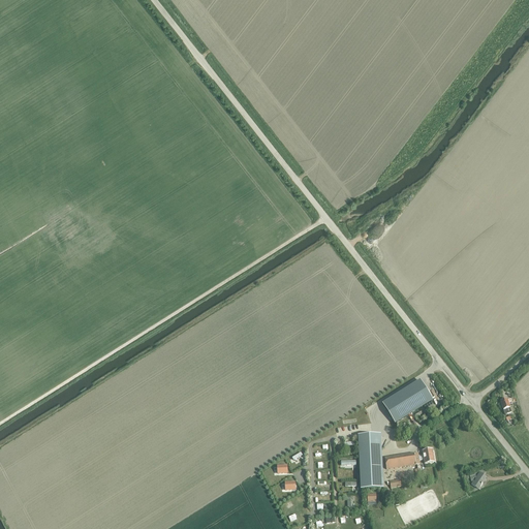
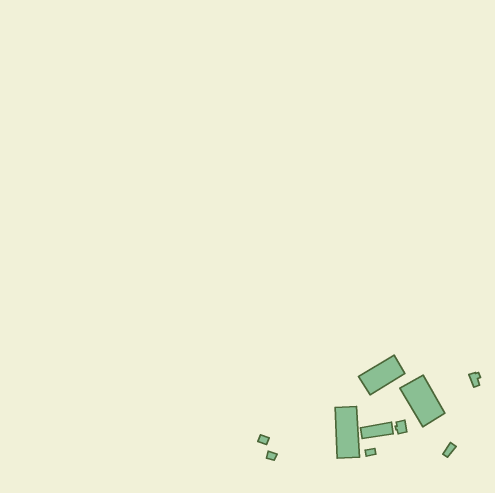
building: none -> [400,375,445,427]

